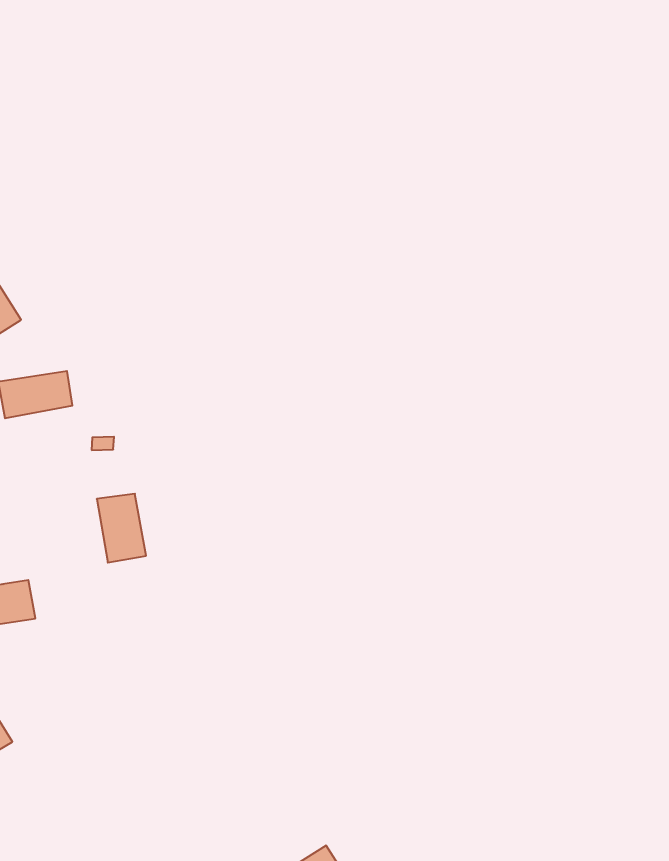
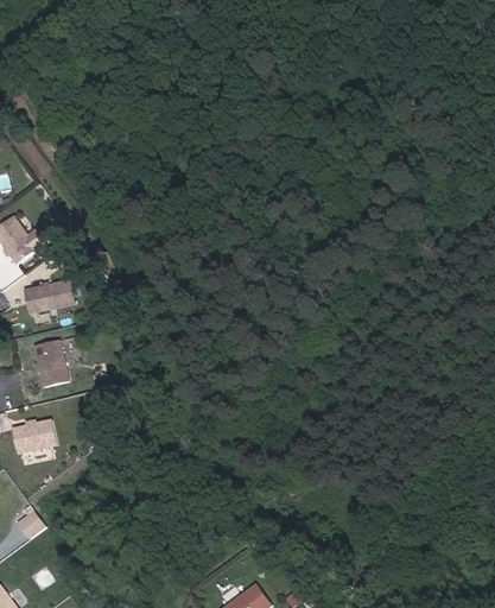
building: [97,494,146,563] -> [34,340,69,386]

